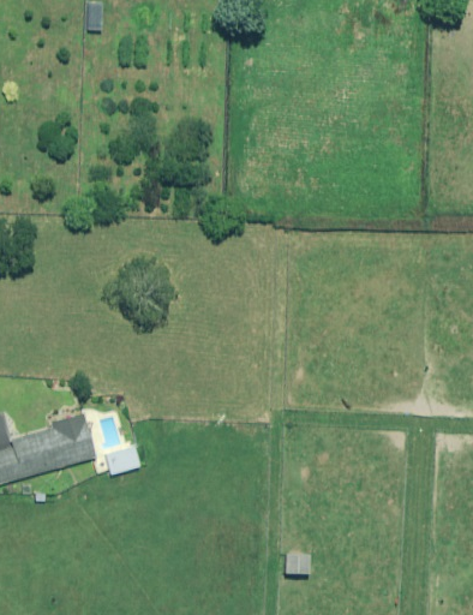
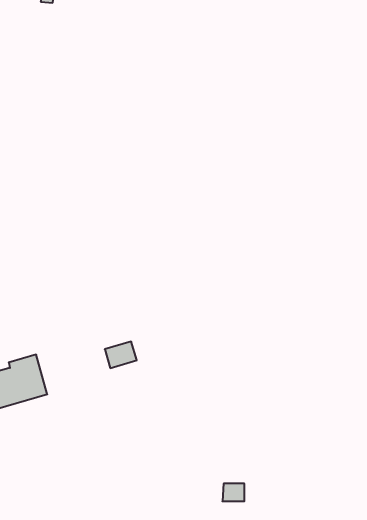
building: [107,444,142,473] -> [105,342,137,368]

